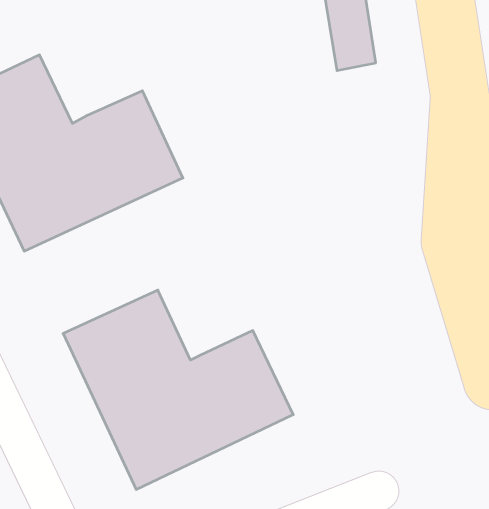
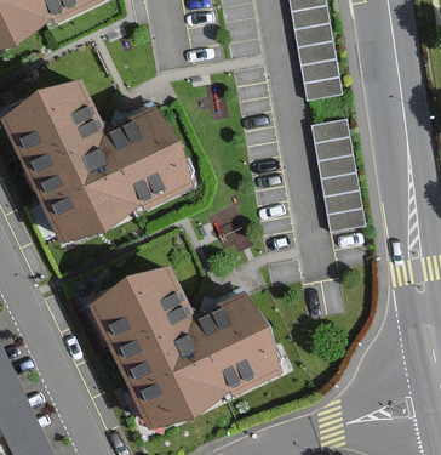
building: none -> [314,121,361,229]

